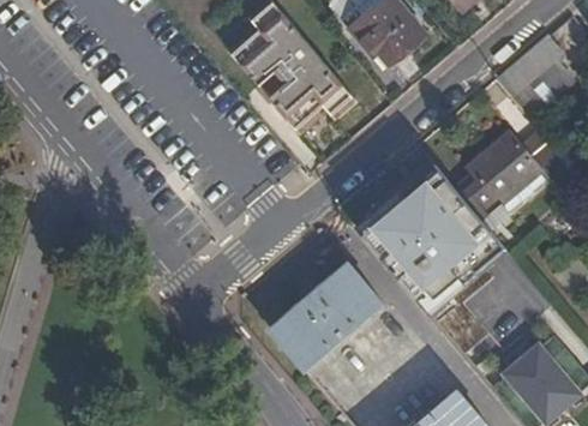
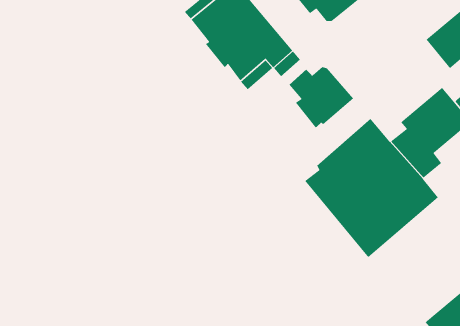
building: none -> [288,66,354,128]
building: [270,263,382,368] -> none

